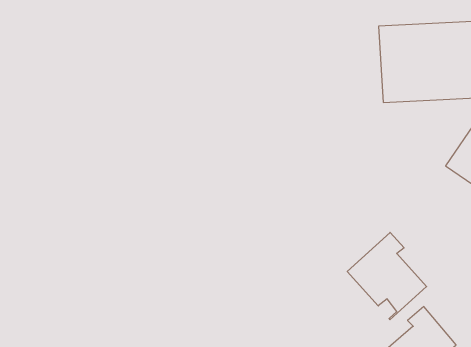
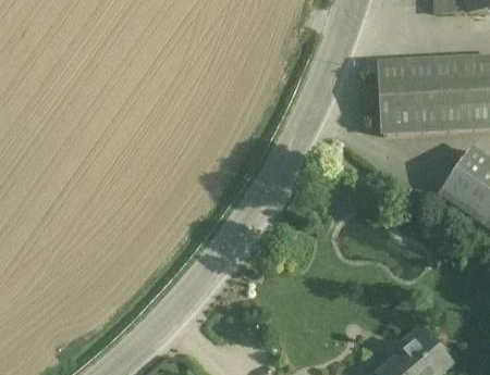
building: [347,232,427,320] -> none

